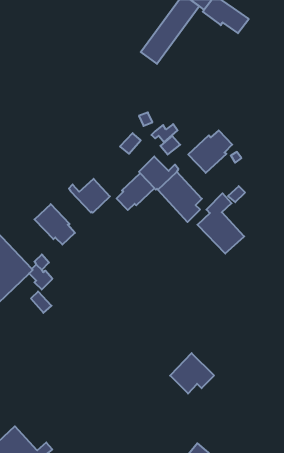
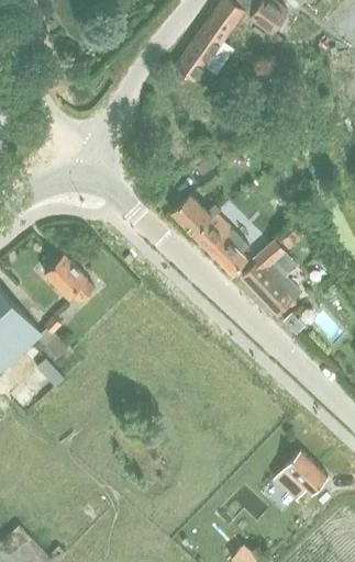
building: [188,130,232,173] -> none
building: [117,173,154,210] -> none
building: [69,179,110,213] -> none
building: [170,353,214,394] -> [273,451,326,501]

